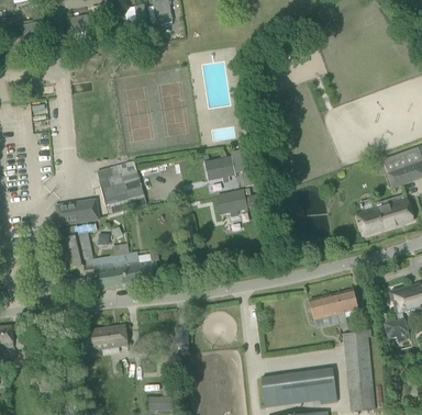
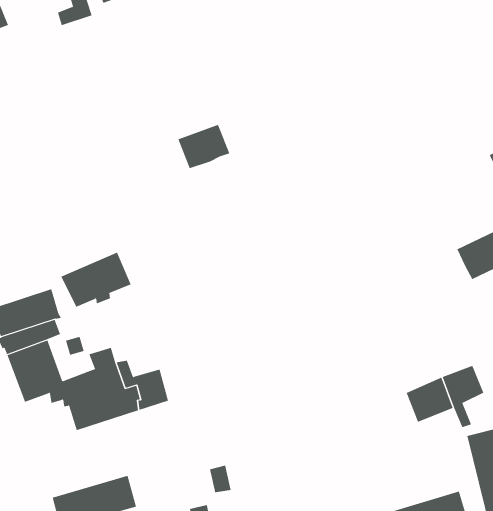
building: [203,155,235,180] -> [177,124,230,169]
building: [97,159,141,192] -> none
building: [215,189,247,216] -> none

